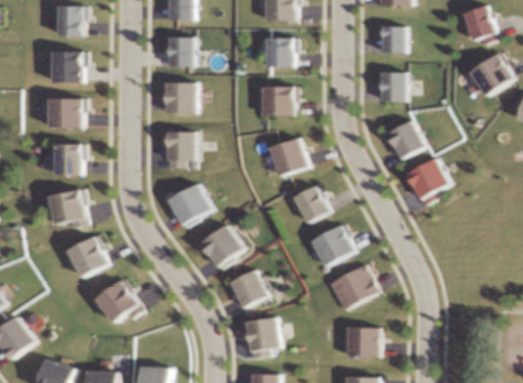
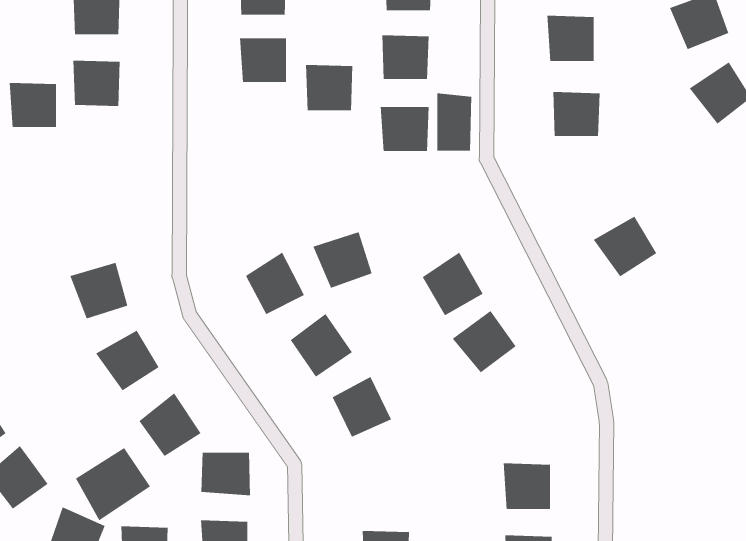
building: none -> [437,93,472,151]
building: [164,80,197,111] -> [305,64,353,111]
building: [50,97,83,128] -> [9,82,57,127]
building: [382,116,425,158] -> none
building: [165,132,198,162] -> none
building: [266,137,306,176] -> [313,231,373,288]
building: [52,143,85,175] -> none
building: [330,267,374,309] -> none
building: none -> [75,447,151,521]
building: [242,316,283,354] -> none
building: none -> [201,452,251,496]

